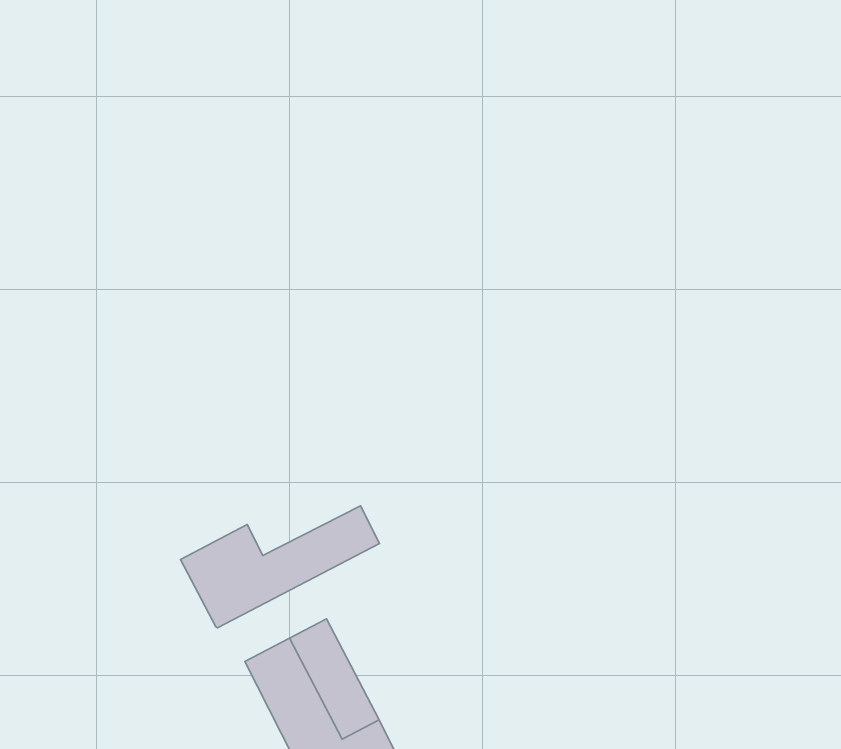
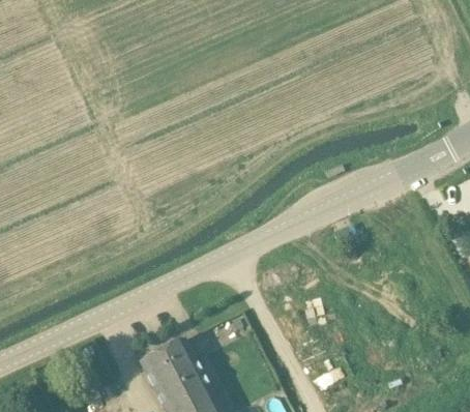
building: [180,506,379,628] -> none

